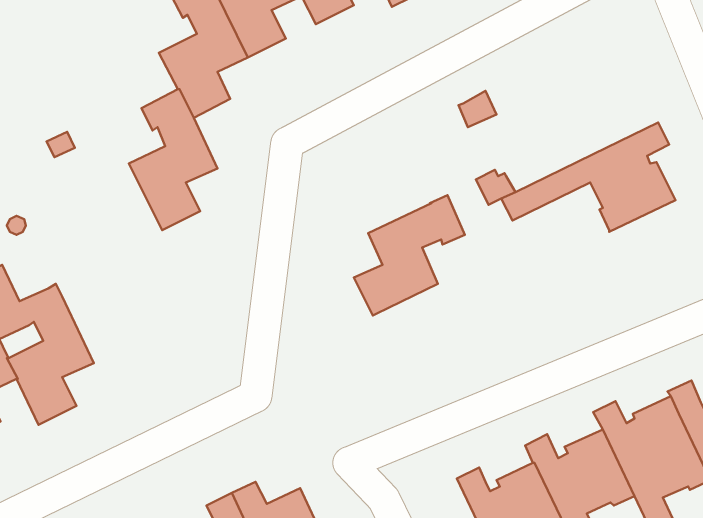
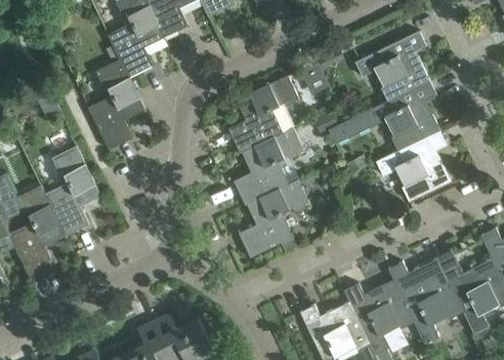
building: none -> [354,30,429,101]
building: none -> [228,75,300,153]
building: none -> [376,130,451,201]
building: none -> [44,145,101,236]
building: none -> [238,179,309,257]

